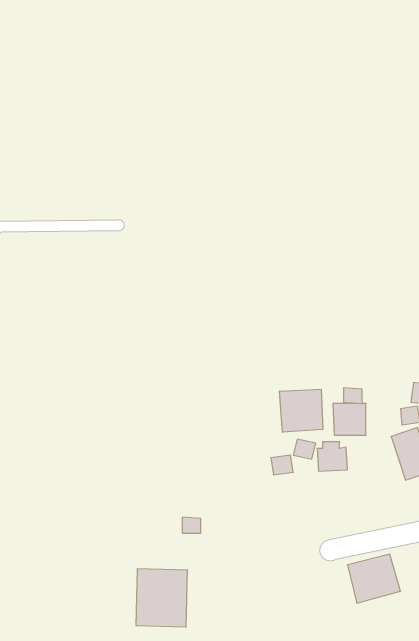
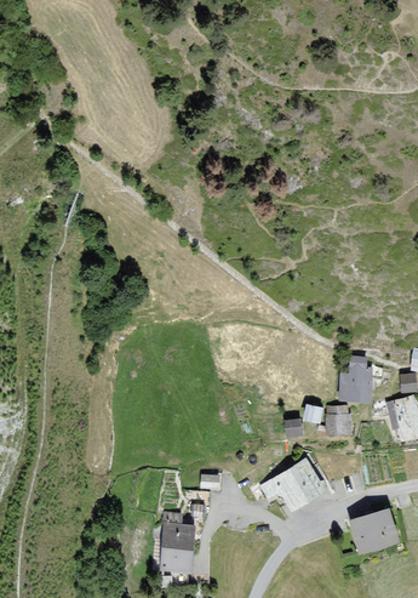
building: [280,389,323,432] -> none
building: none -> [259,459,325,518]

